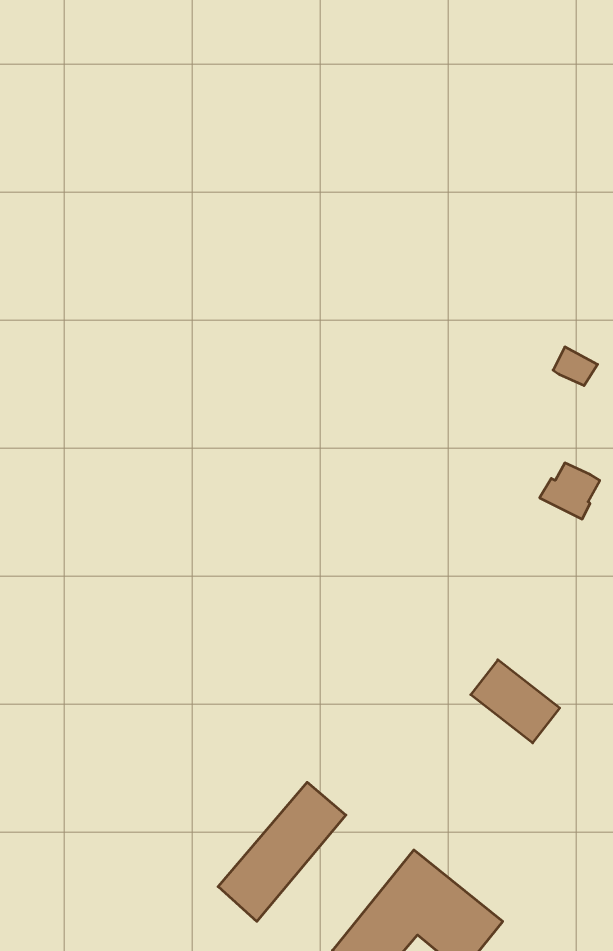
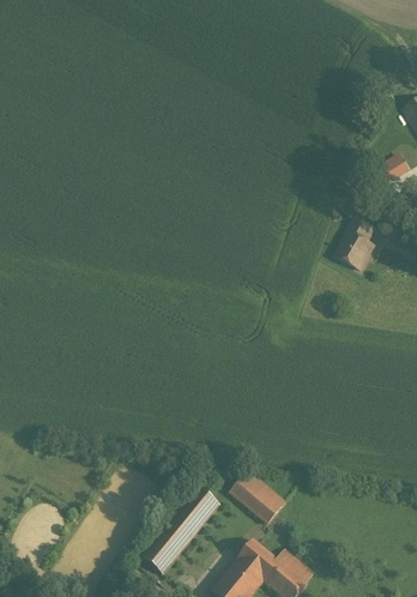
building: [540,463,600,519] -> [336,234,373,269]
building: [471,660,560,743] -> [230,471,285,523]

